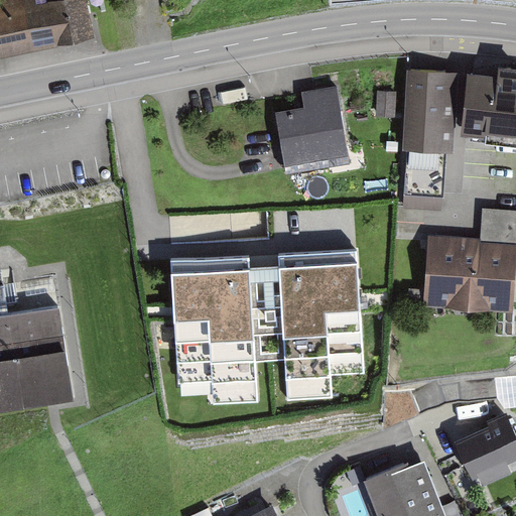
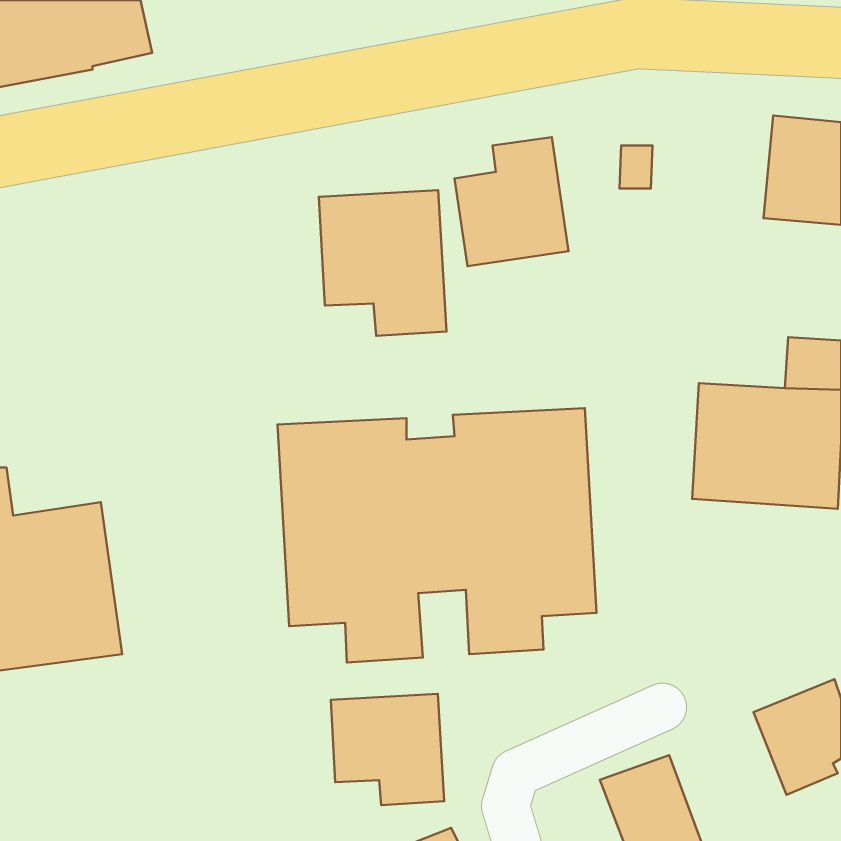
building: [402,71,456,201] -> none
building: none -> [319,190,446,336]
building: none -> [331,694,444,805]

